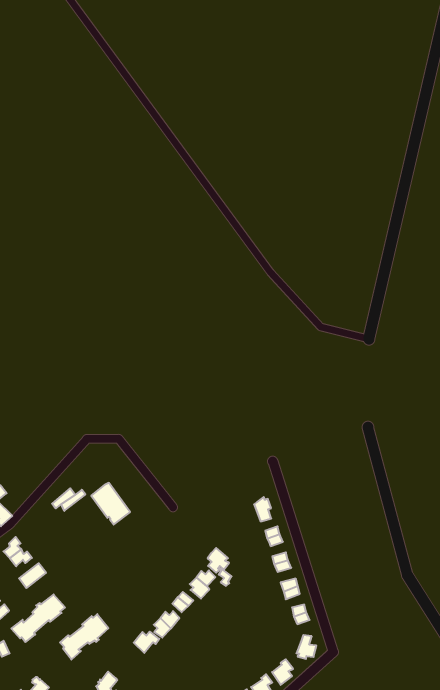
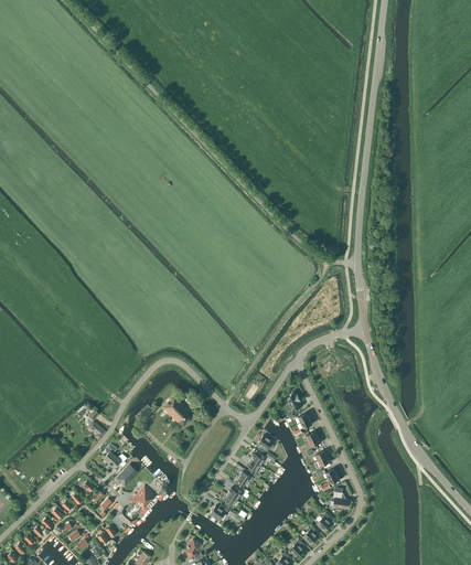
building: [60,614,108,660] -> none

